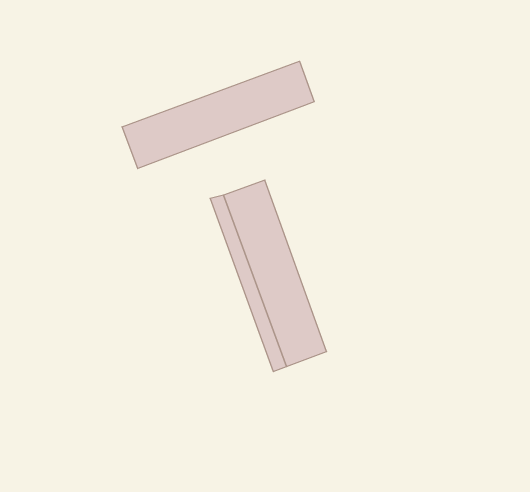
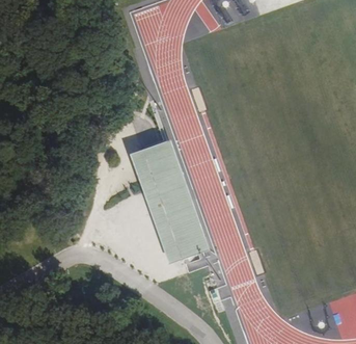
building: [122,61,314,169] -> none

